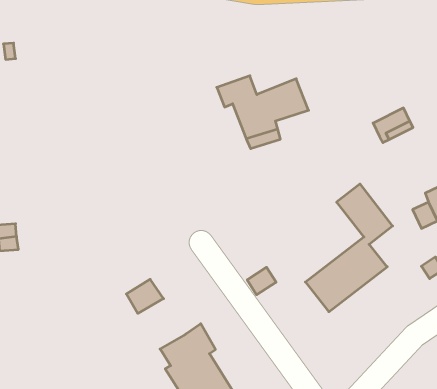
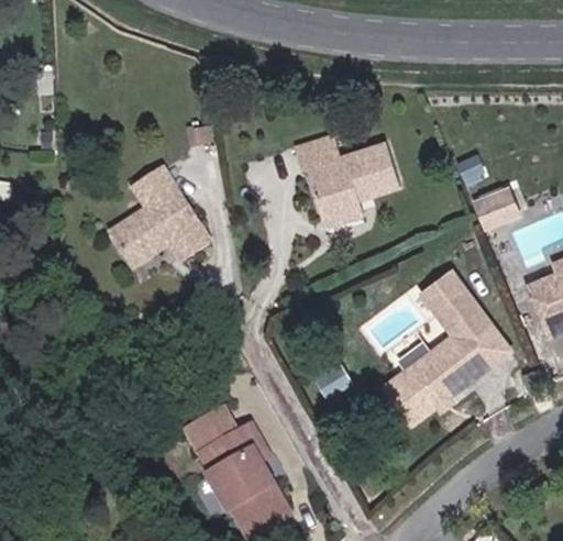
building: none -> [112,167,210,269]
building: none -> [460,324,508,373]
building: [126,279,164,313] -> [189,411,233,451]

